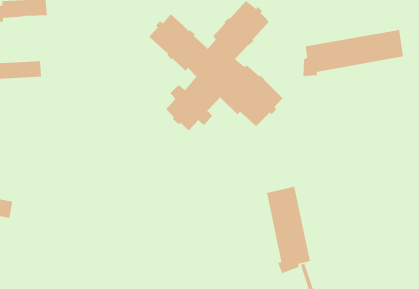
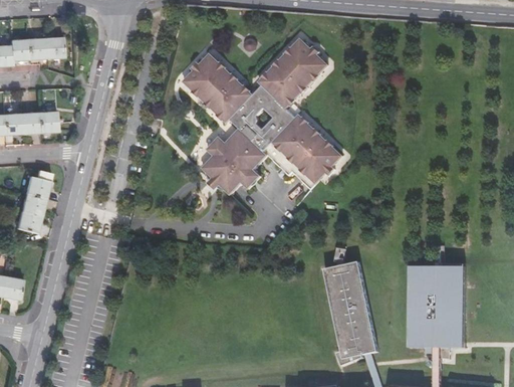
building: [303,29,404,77] -> none
building: none -> [15,169,50,233]
building: none -> [409,266,466,358]

